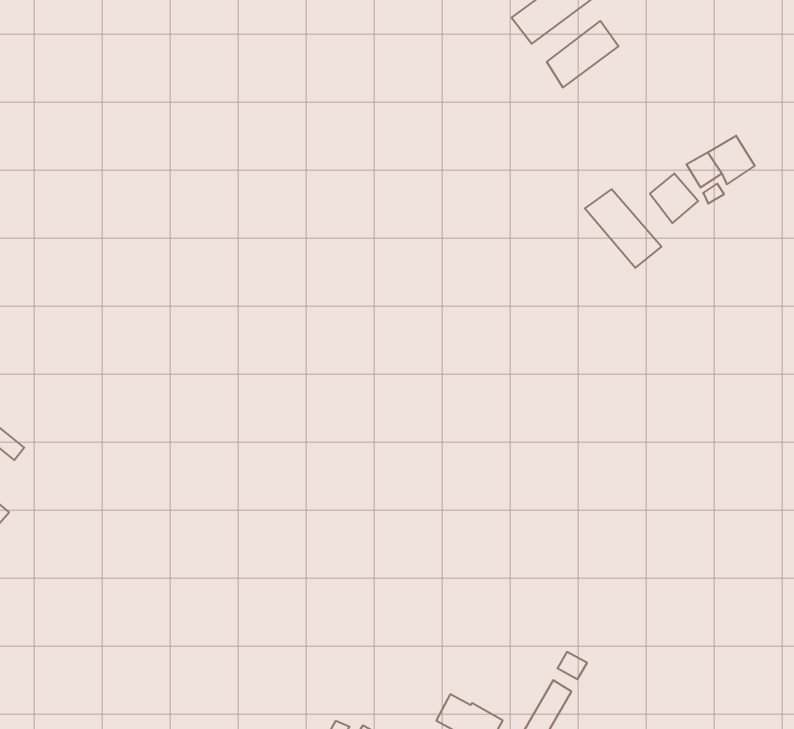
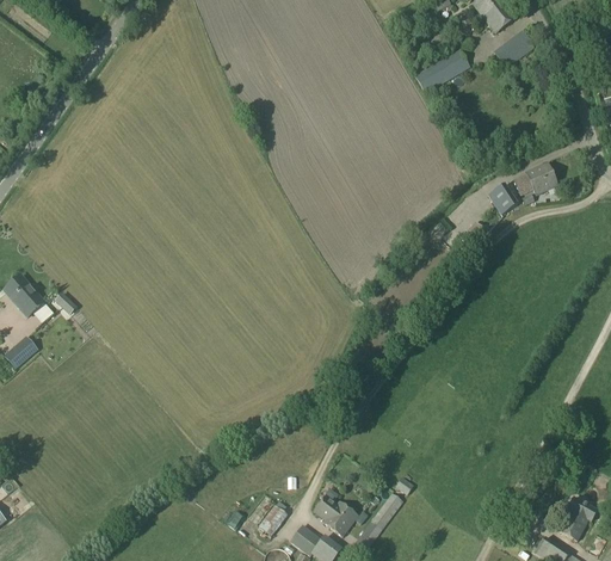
building: [547,21,619,88] -> none
building: [585,189,661,268] -> none

